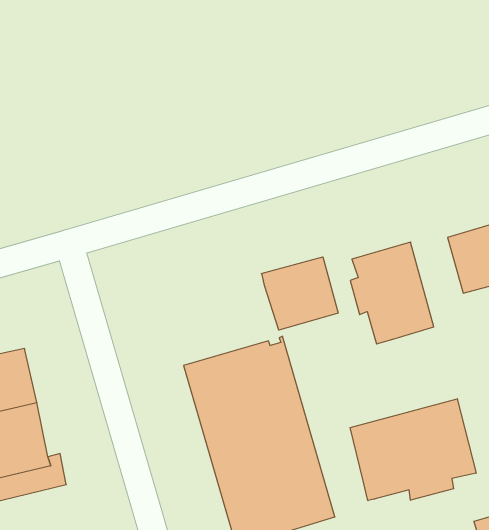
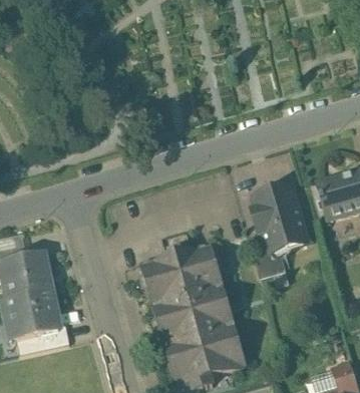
building: [261,257,338,330] -> none
building: none -> [253,249,286,279]
building: [350,399,476,501] -> none

